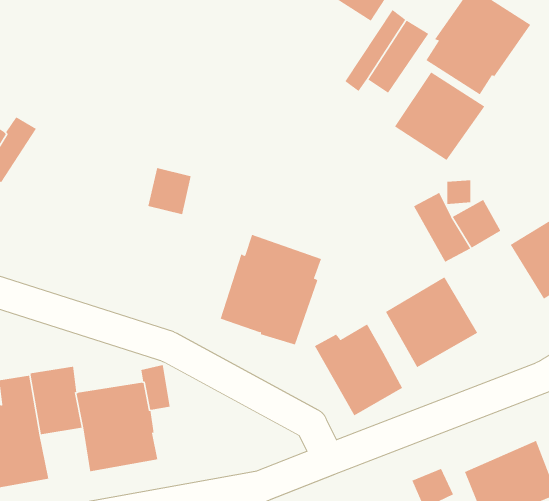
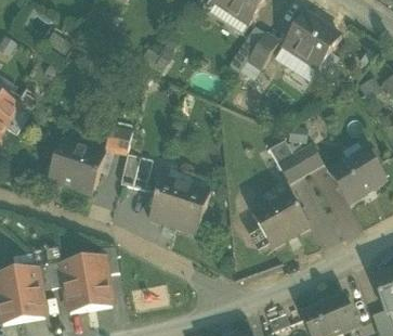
building: [394,72,485,161] -> none
building: none -> [49,140,106,194]
building: none -> [121,153,158,190]
building: [314,323,403,416] -> none

